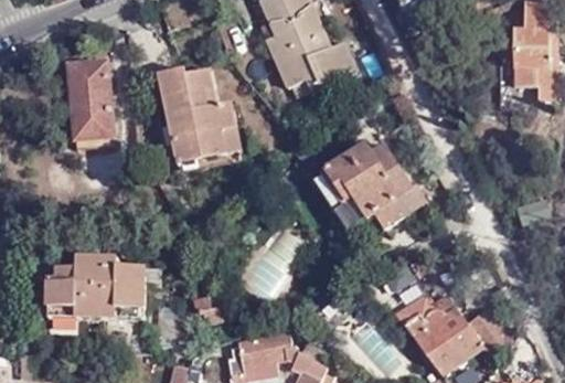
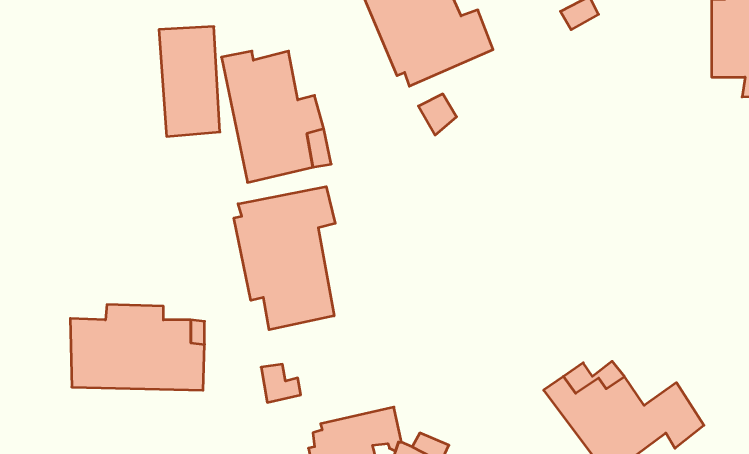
building: [67,58,111,138] -> [159,27,220,136]
building: [309,142,426,234] -> none
building: none -> [234,187,335,330]

